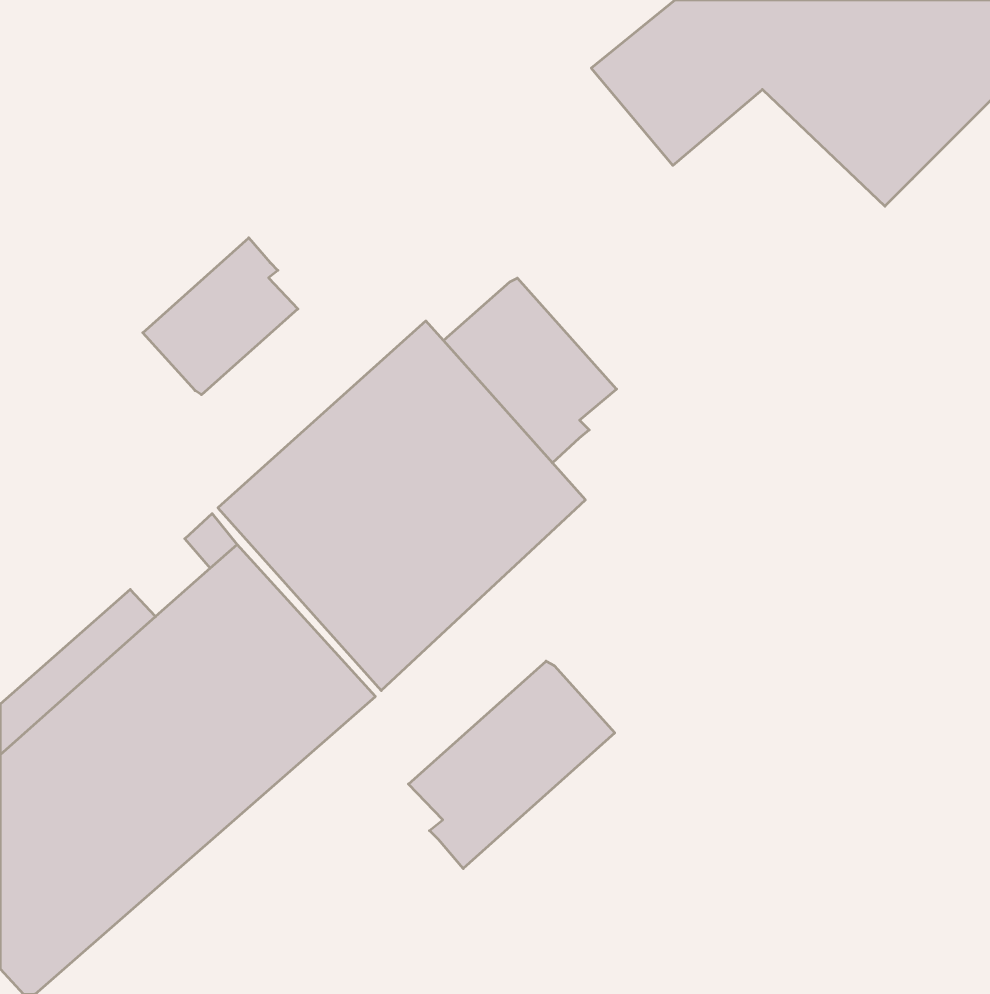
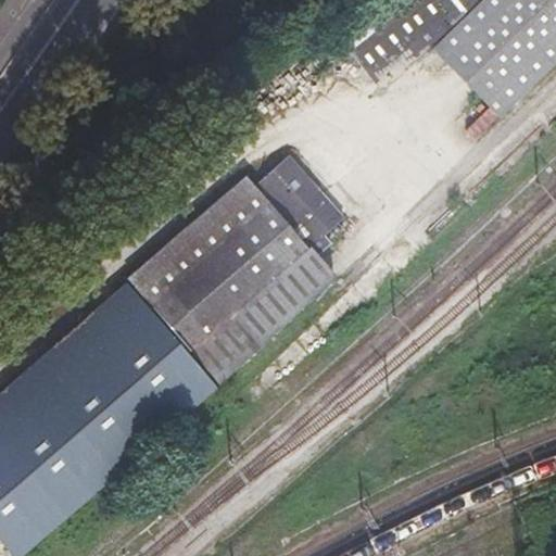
building: [143,238,298,395] -> none
building: [408,661,615,869] -> none

